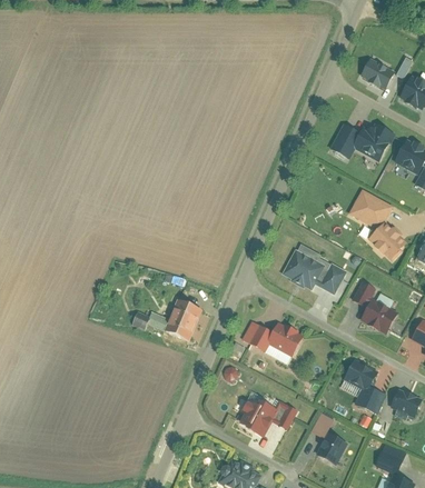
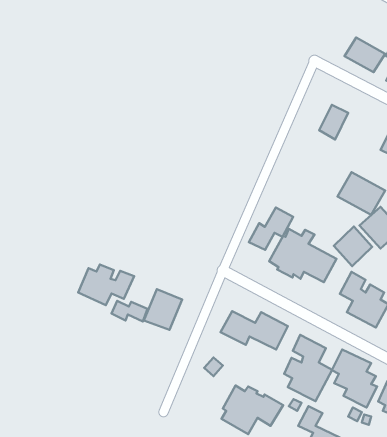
building: [352,126,392,163] -> none
building: none -> [249,207,293,250]
building: none -> [334,226,372,266]
building: none -> [78,264,134,305]
building: none -> [284,335,332,401]

